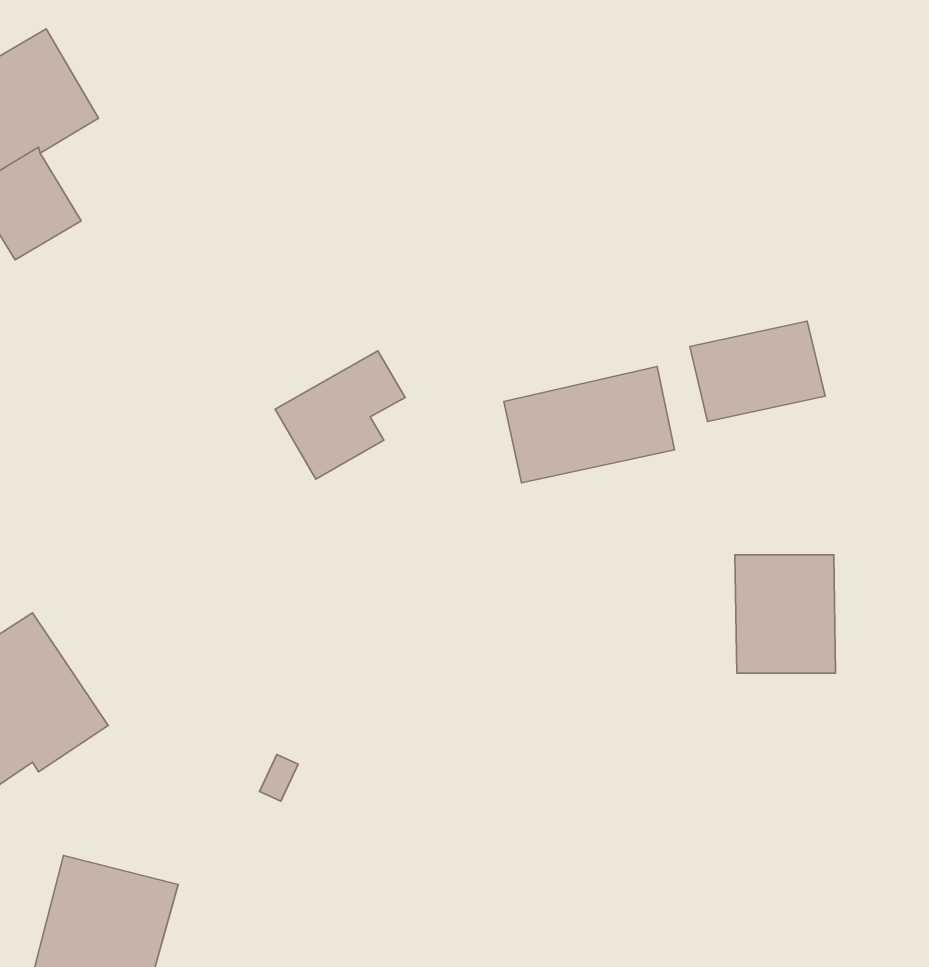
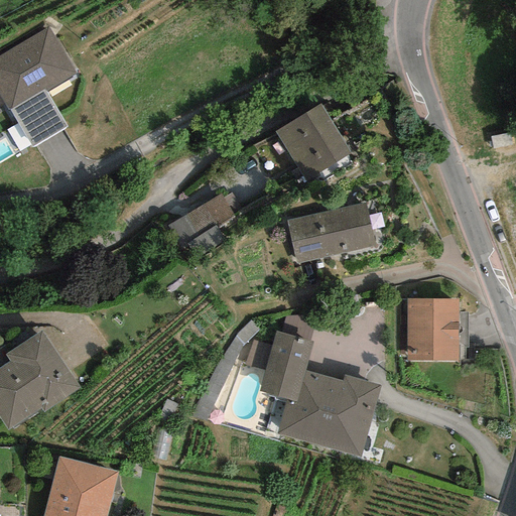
building: none -> [276,104,350,176]
building: [690,321,825,421] -> none
building: none -> [258,331,380,456]

